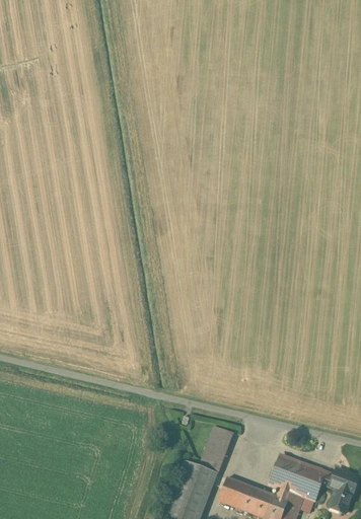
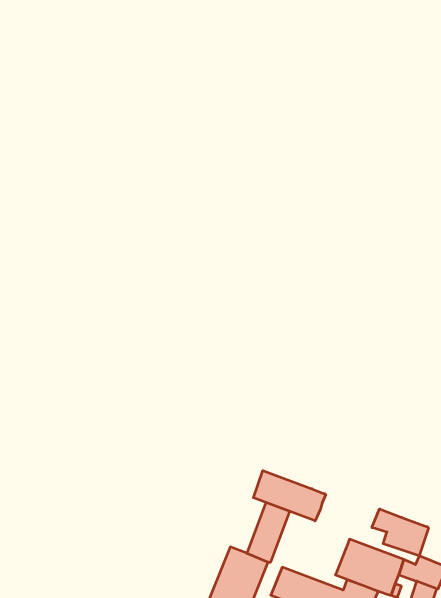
building: none -> [253,471,326,521]
building: none -> [372,509,428,556]

